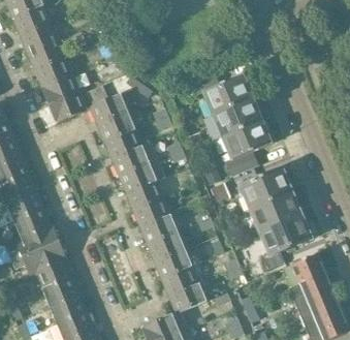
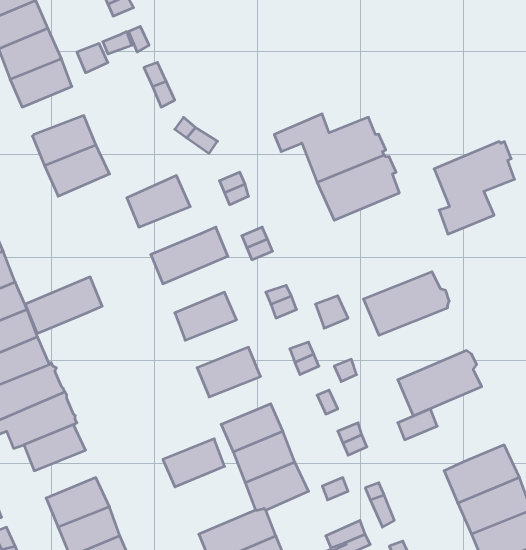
building: [33,56,70,85] -> none
building: [89,93,126,123] -> none
building: [221,120,269,176] -> [434,142,515,234]
building: [103,128,140,157] -> none
building: [118,158,164,192] -> [25,277,102,333]
building: [248,189,300,233] -> none
building: [131,196,169,225] -> none
building: [146,230,183,259] -> [163,439,225,487]
building: [290,252,323,282] -> none
building: [40,275,77,304] -> none

